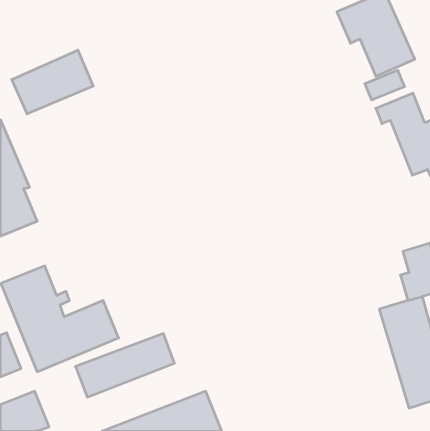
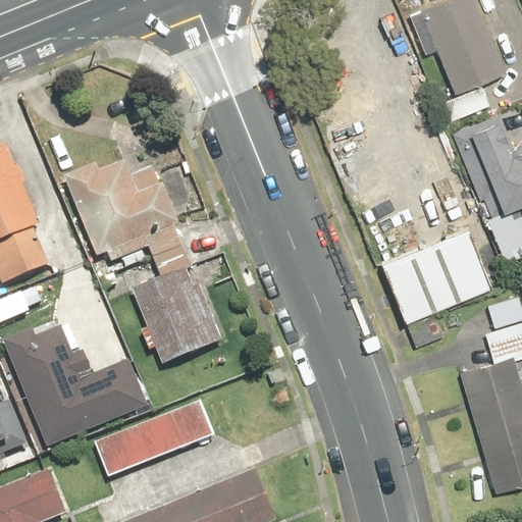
building: [12,50,93,114] -> none
building: none -> [61,161,222,363]
building: none -> [381,226,494,348]

